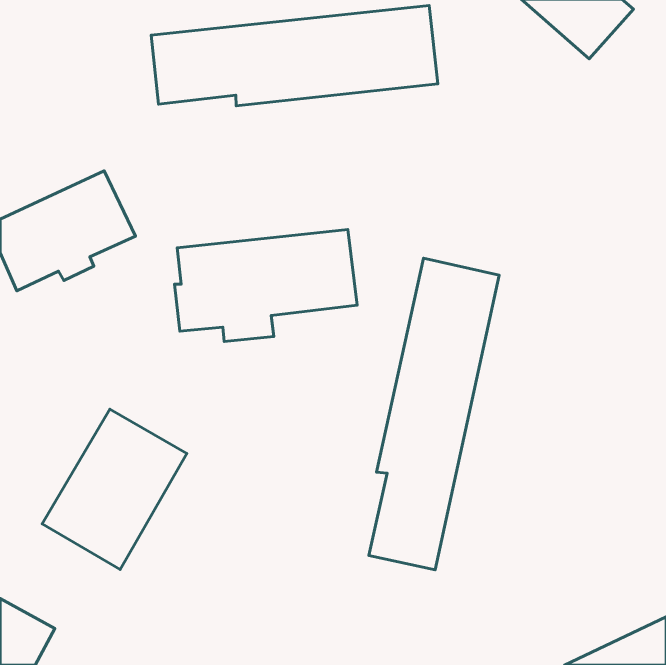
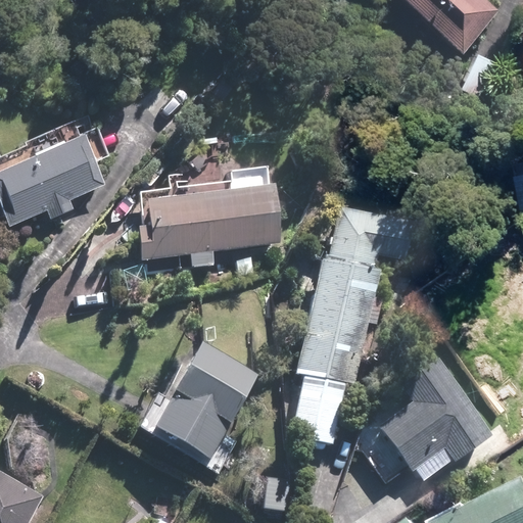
building: [151,6,438,106] -> none
building: [42,409,187,569] -> [146,340,259,466]
building: none -> [358,355,493,487]

